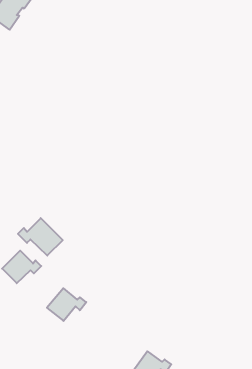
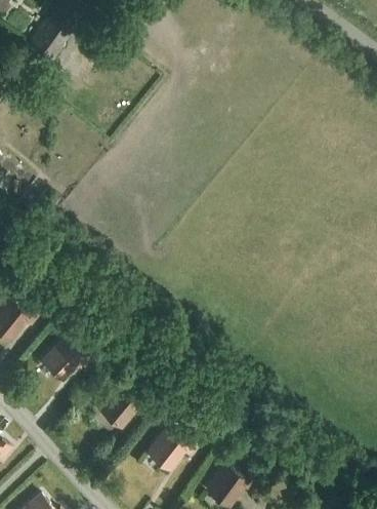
building: [18,218,63,256] -> none
building: none -> [144,430,194,471]

